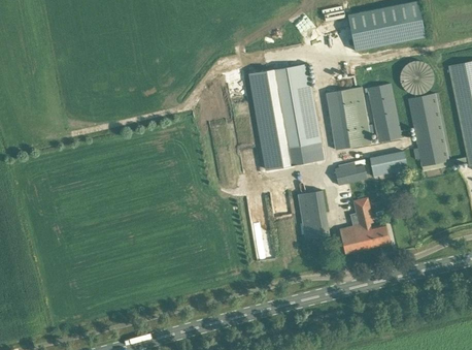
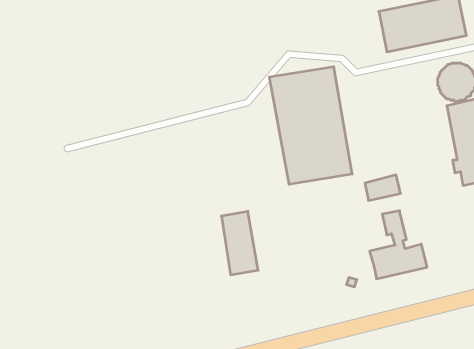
building: [367,83,401,142] -> none
building: [328,87,370,150] -> none
building: [369,151,407,177] -> none
building: [296,183,329,240] -> [221,211,258,275]

